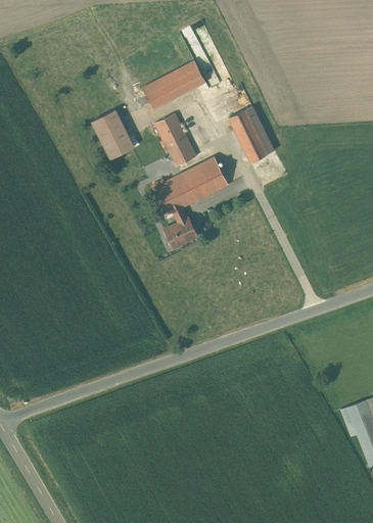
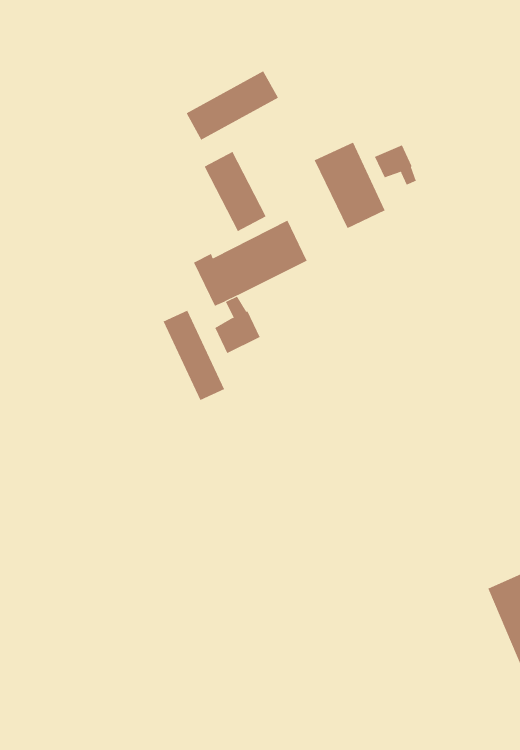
building: none -> [374,144,416,186]
building: [94,113,139,164] -> none
building: none -> [163,310,225,401]

